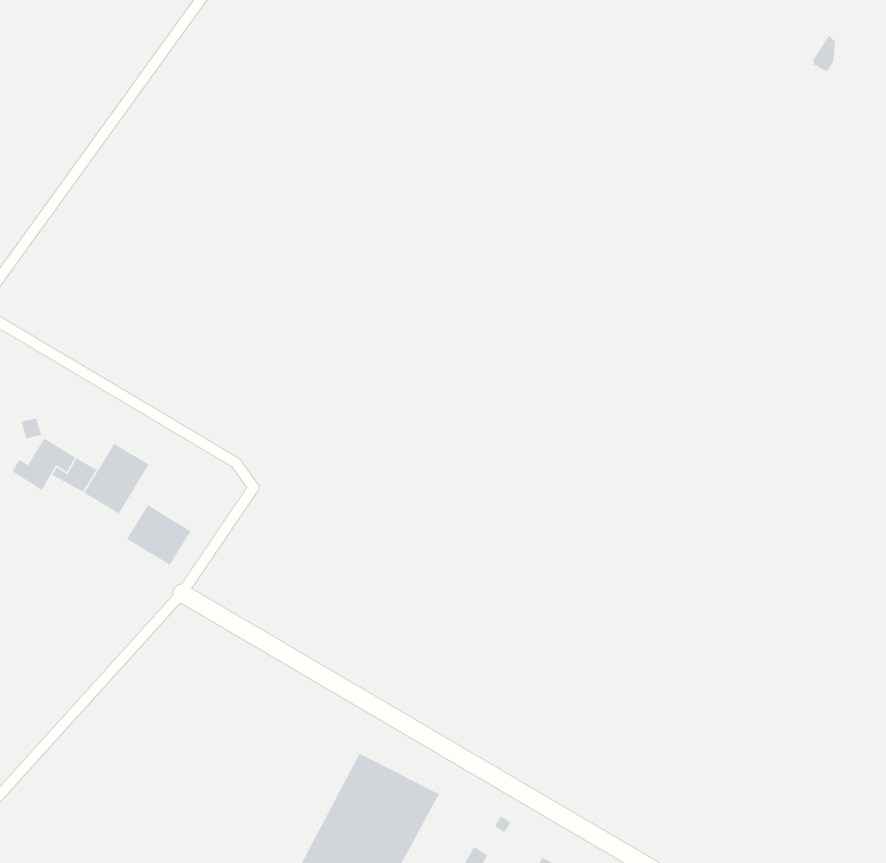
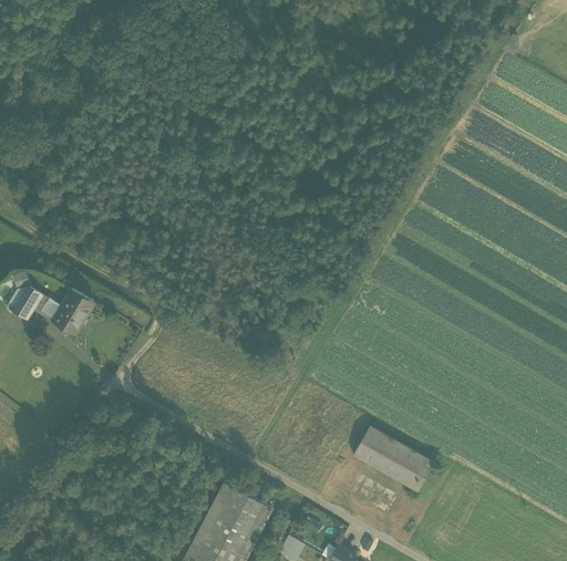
building: [126,504,192,566] -> none
building: none -> [352,426,432,491]

